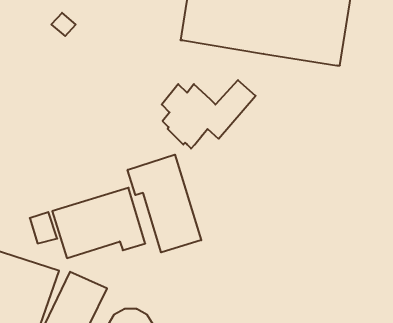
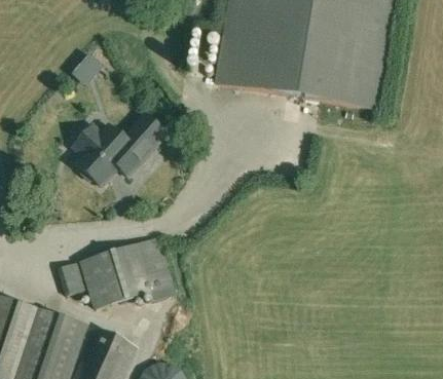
building: [162,80,256,149] -> [70,117,169,189]
building: [128,155,201,252] -> none

